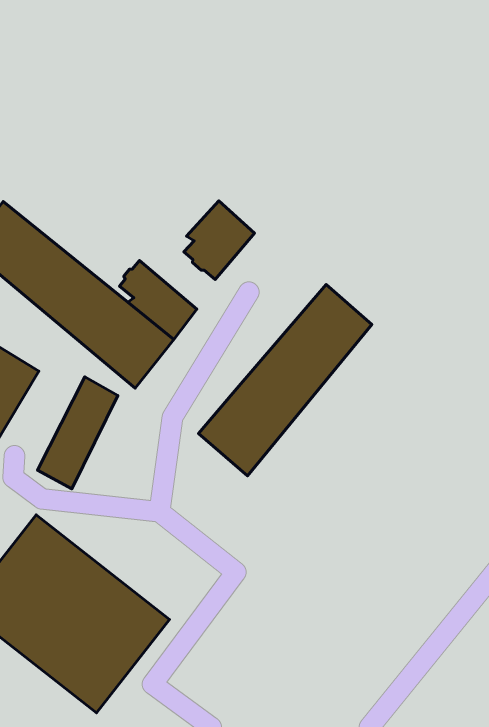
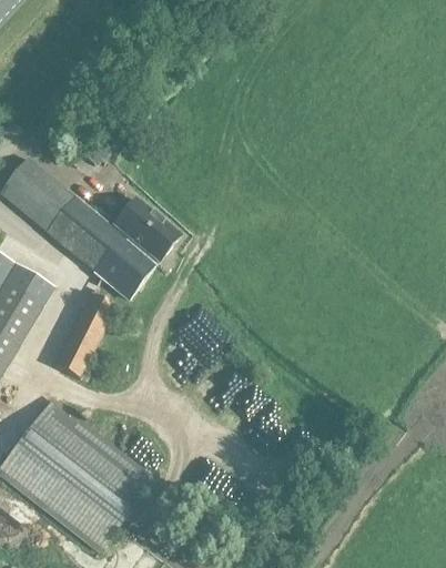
building: [184,201,255,280] -> none
building: [199,284,372,476] -> none

